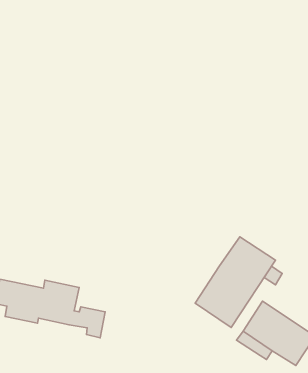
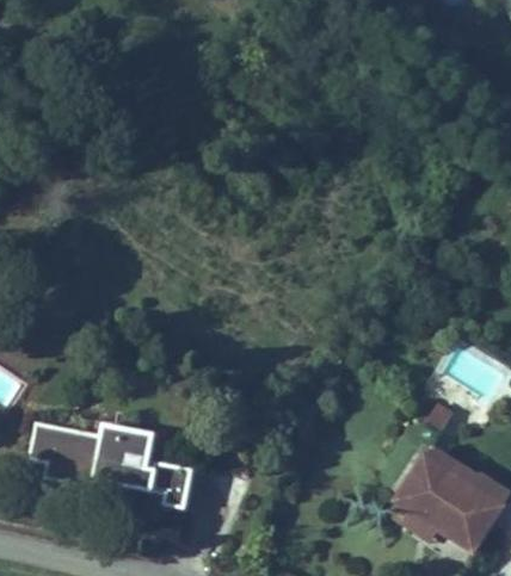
building: [195,237,275,327] -> none

